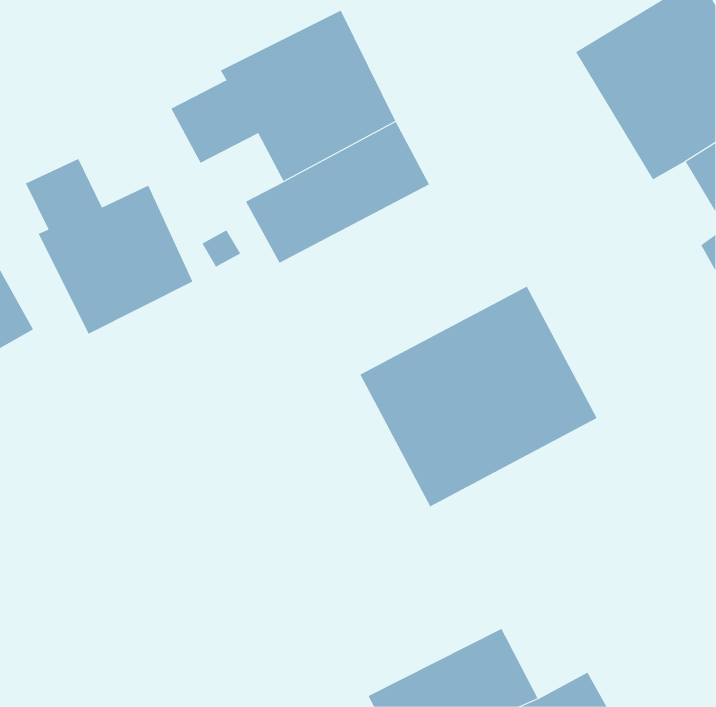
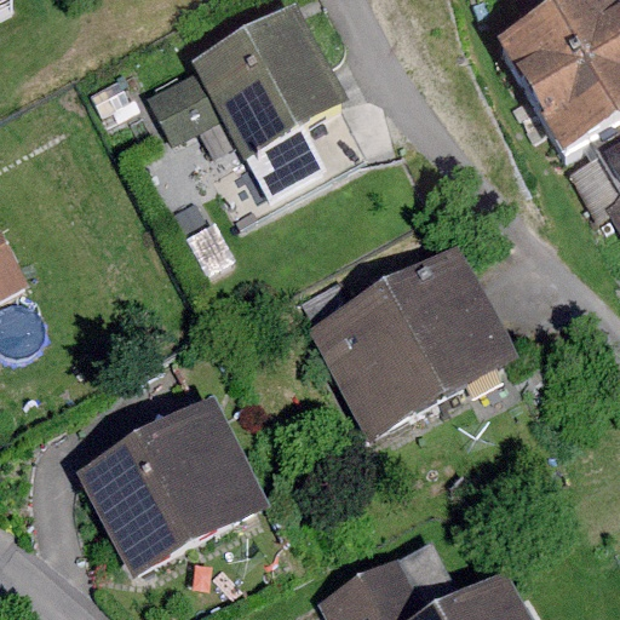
building: [25,158,193,335] -> none
building: none -> [75,400,269,576]

